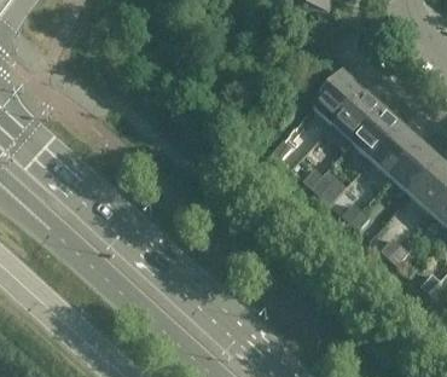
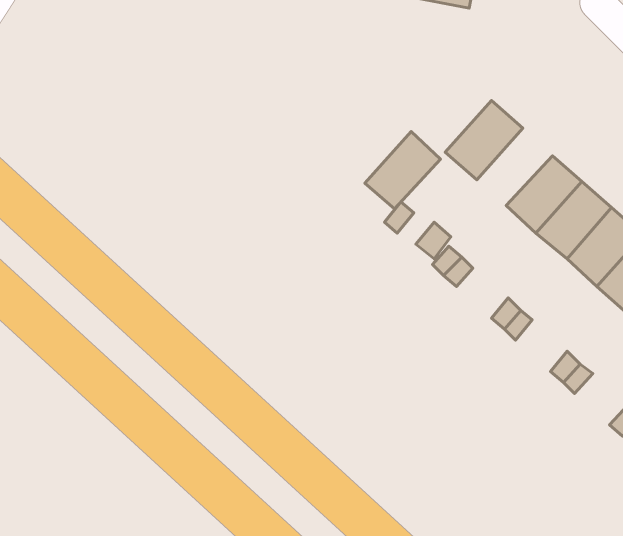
building: [332,87,382,138] -> [365,131,441,209]

